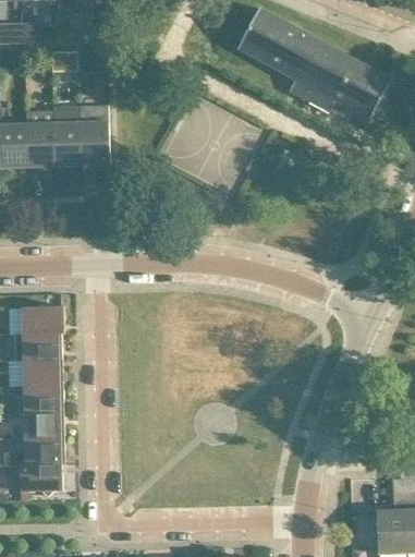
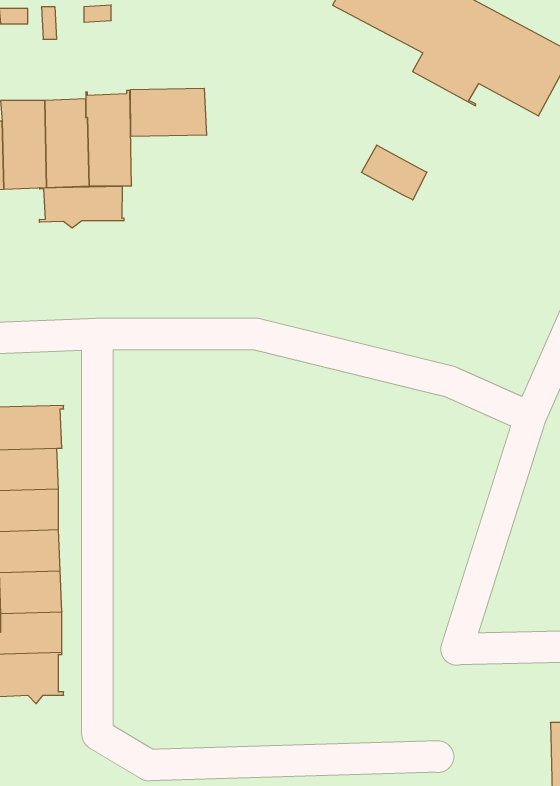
building: none -> [131,88,207,137]
building: none -> [361,145,427,200]
building: none -> [39,186,124,228]

